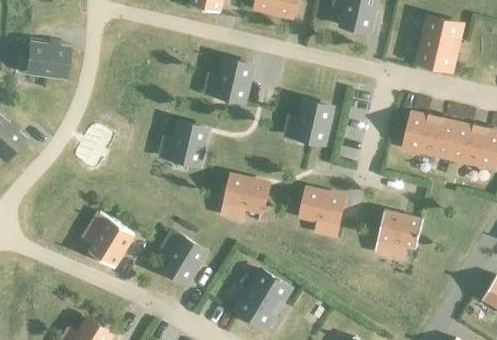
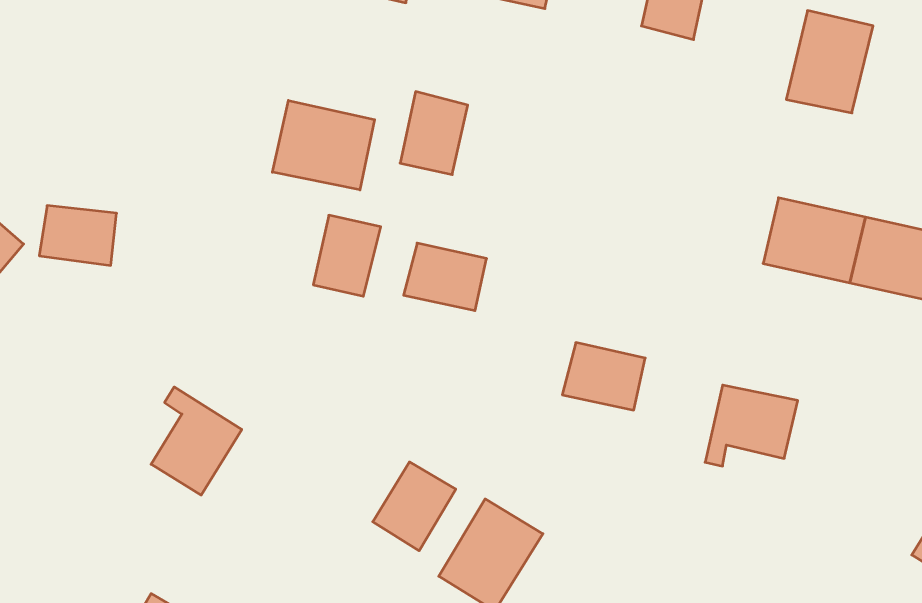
building: [26,45,66,76] -> [39,206,117,265]
building: none -> [272,100,375,190]
building: [295,103,331,145] -> none
building: [224,176,267,211] -> [404,243,487,311]
building: [162,237,205,283] -> [373,462,456,551]

